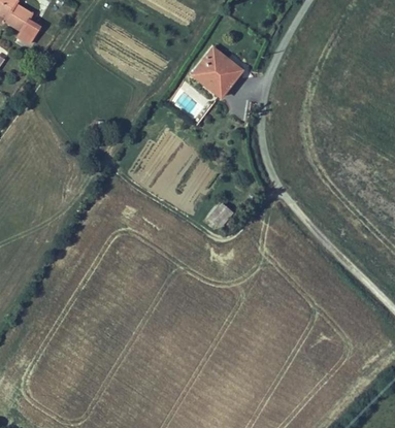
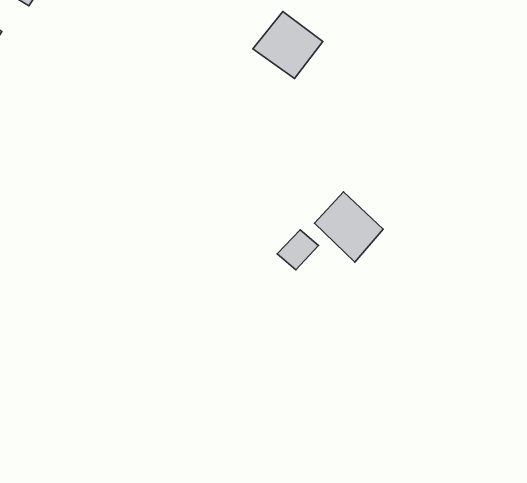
building: none -> [315,192,383,262]

